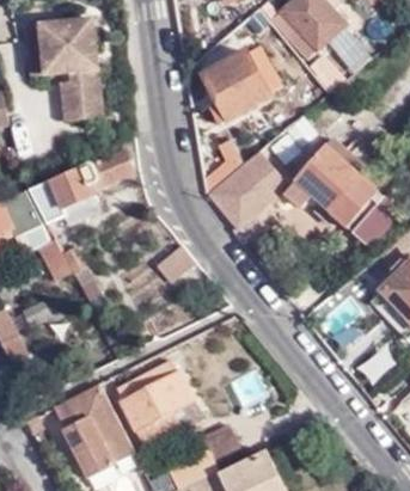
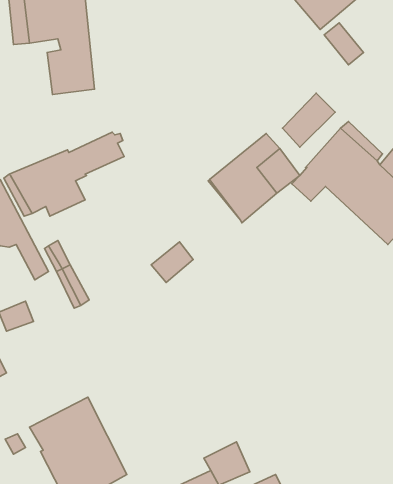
building: [203,47,274,118] -> none
building: [118,360,195,443] -> none

